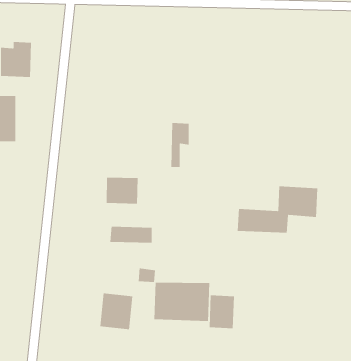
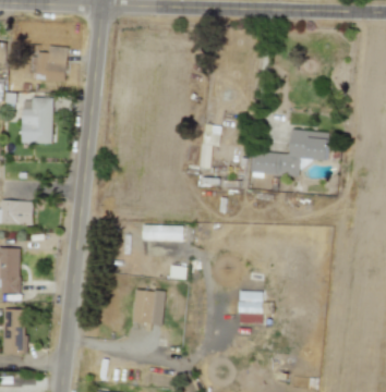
building: [106,177,138,204] -> none
building: [237,186,318,233] -> [251,130,329,175]
building: [154,282,210,322] -> none

